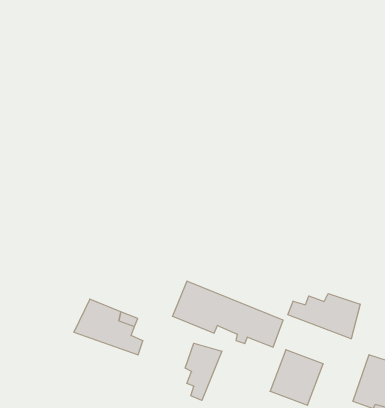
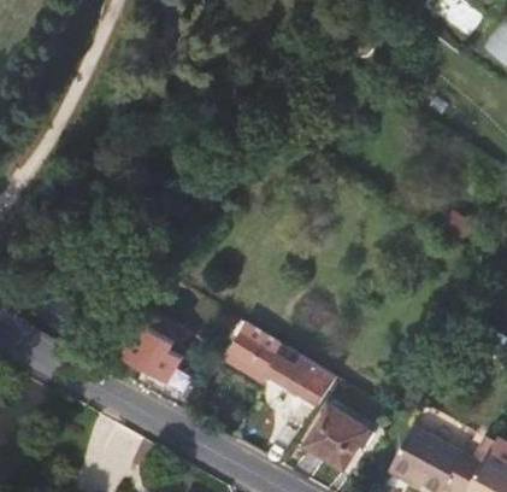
building: [288,294,360,339] -> none
building: [185,343,222,400] -> none

